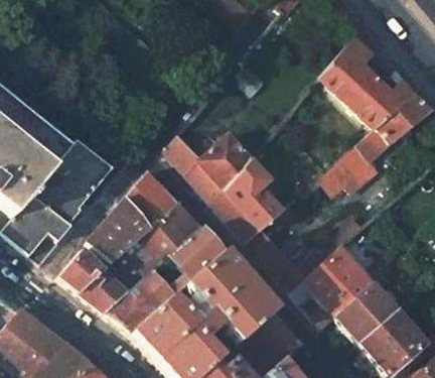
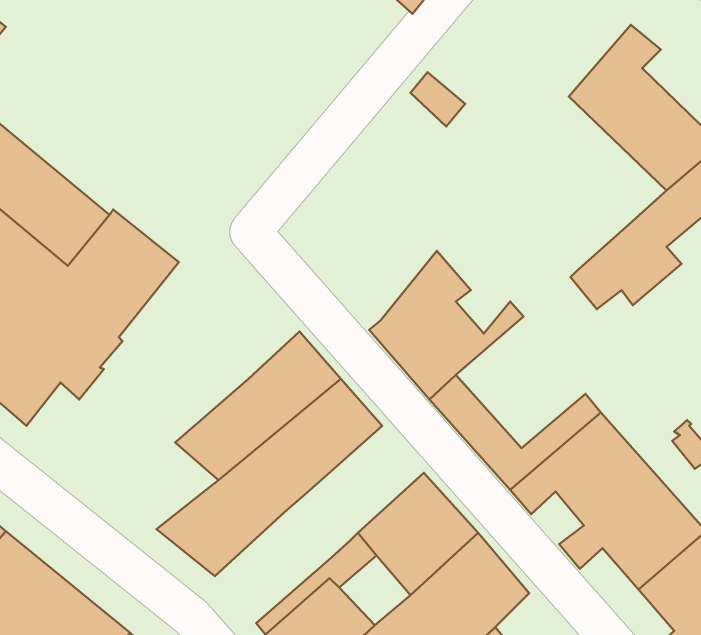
building: [167,134,252,203] -> none
building: [89,170,178,264] -> none
building: [59,249,126,309] -> none
building: [185,254,245,316] -> none
building: [133,300,195,360] -> none

